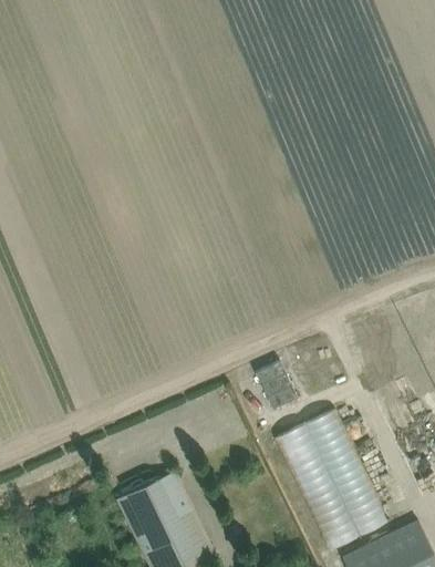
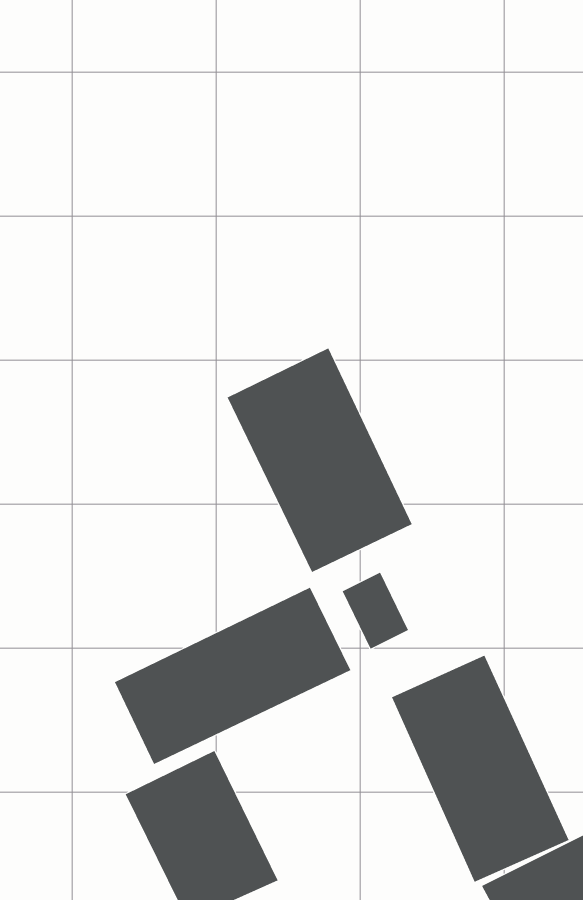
building: none -> [227,348,412,573]
building: none -> [114,587,351,765]

